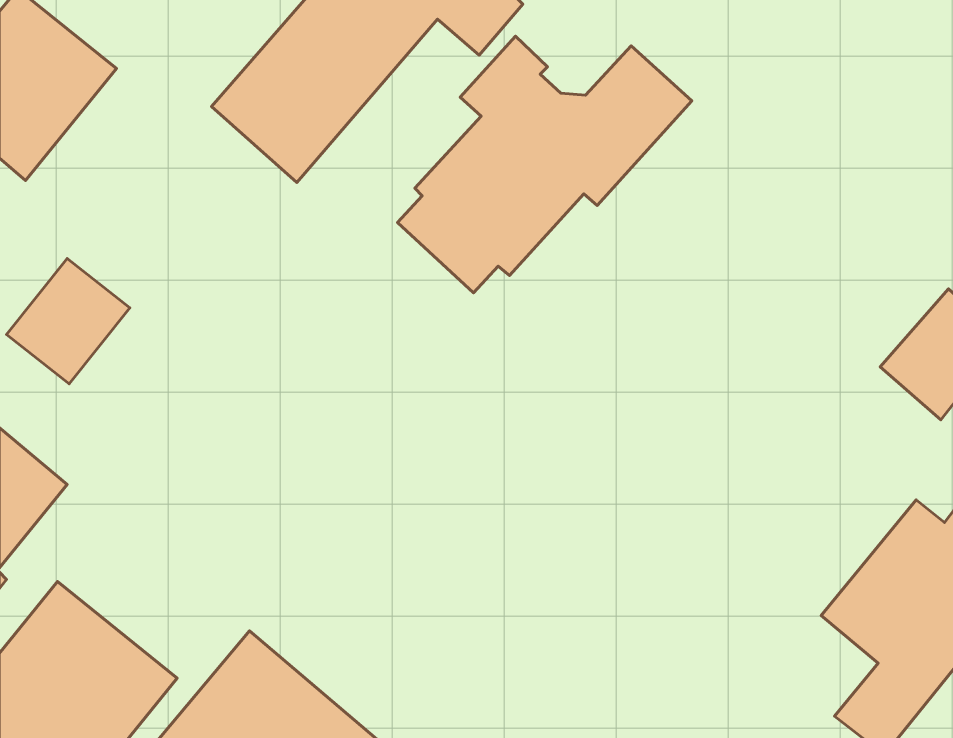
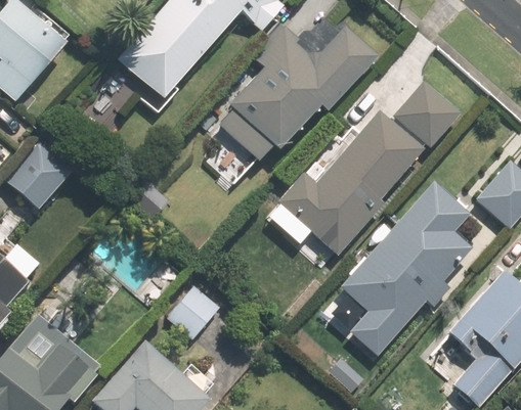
building: none -> [278,80,462,255]
building: none -> [340,182,472,356]
building: none -> [168,285,221,339]

